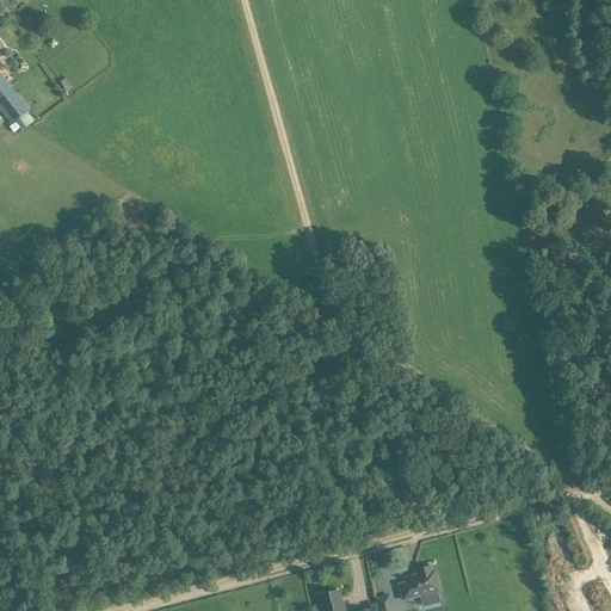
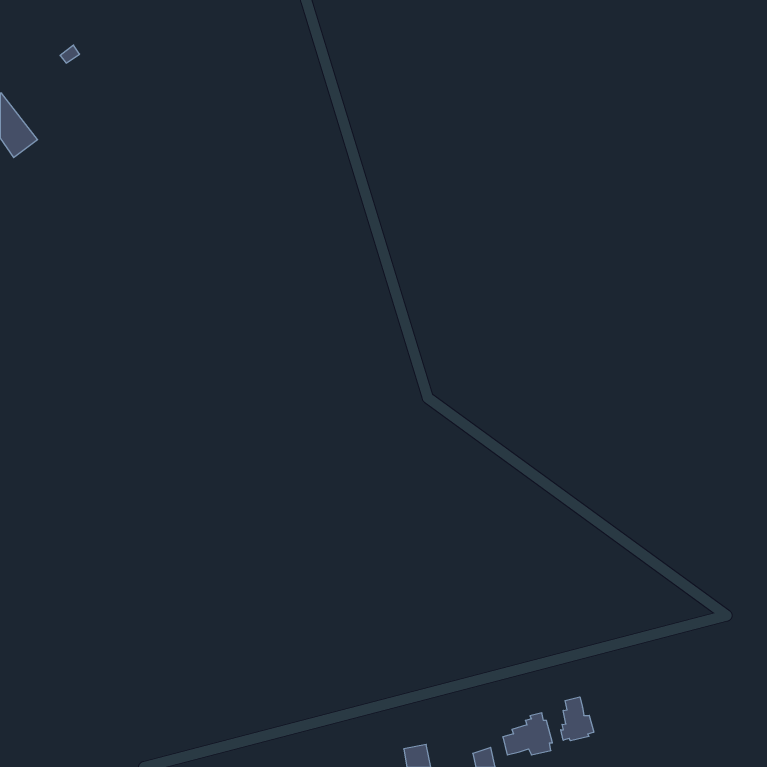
building: none -> [561,697,594,741]

